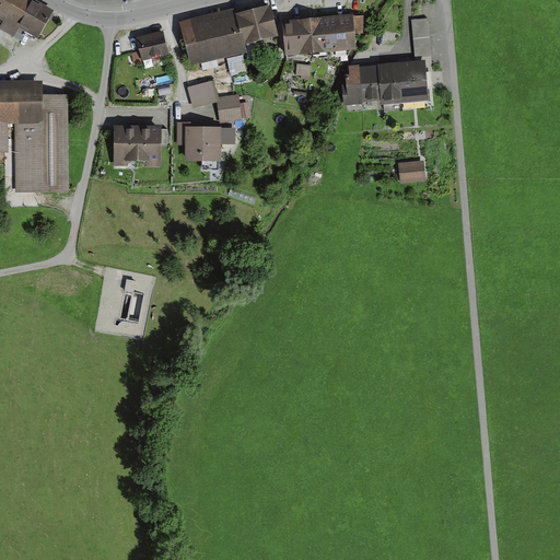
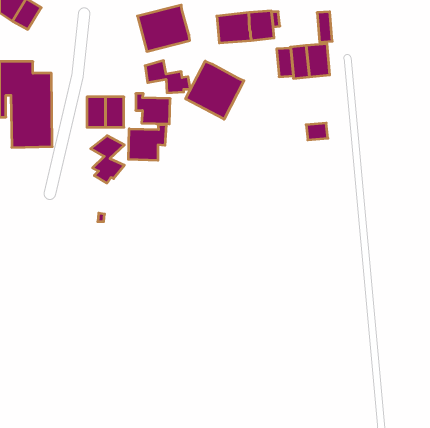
building: [236,5,278,45] -> none
building: [135,30,168,60] -> none
building: [341,61,362,103] -> none
building: none -> [186,61,244,119]
building: none -> [128,124,166,160]
building: none -> [91,136,124,183]

